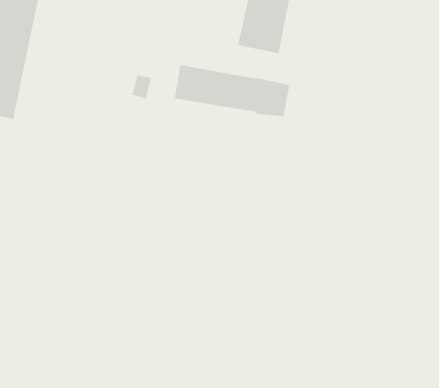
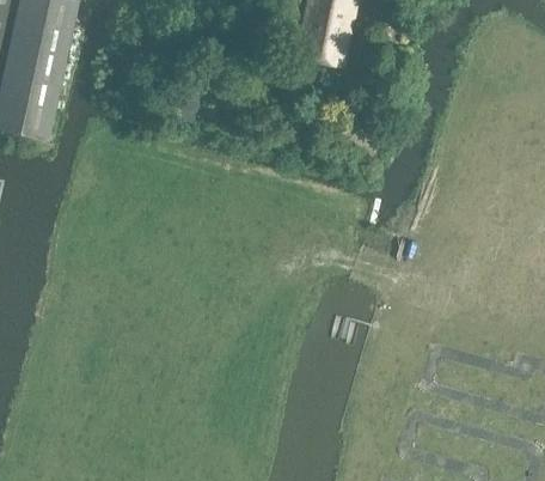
building: [174,64,290,117] -> none

